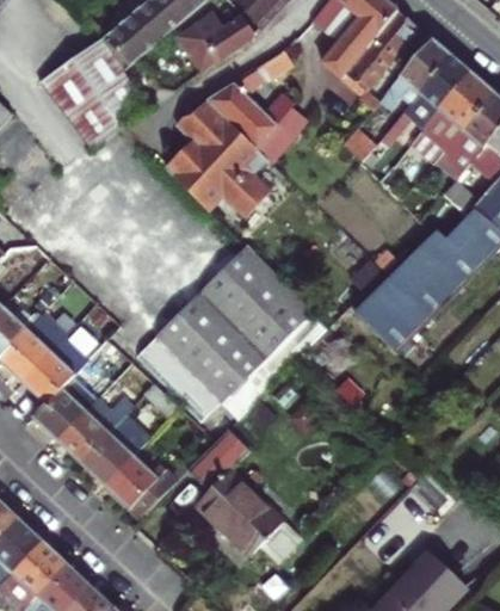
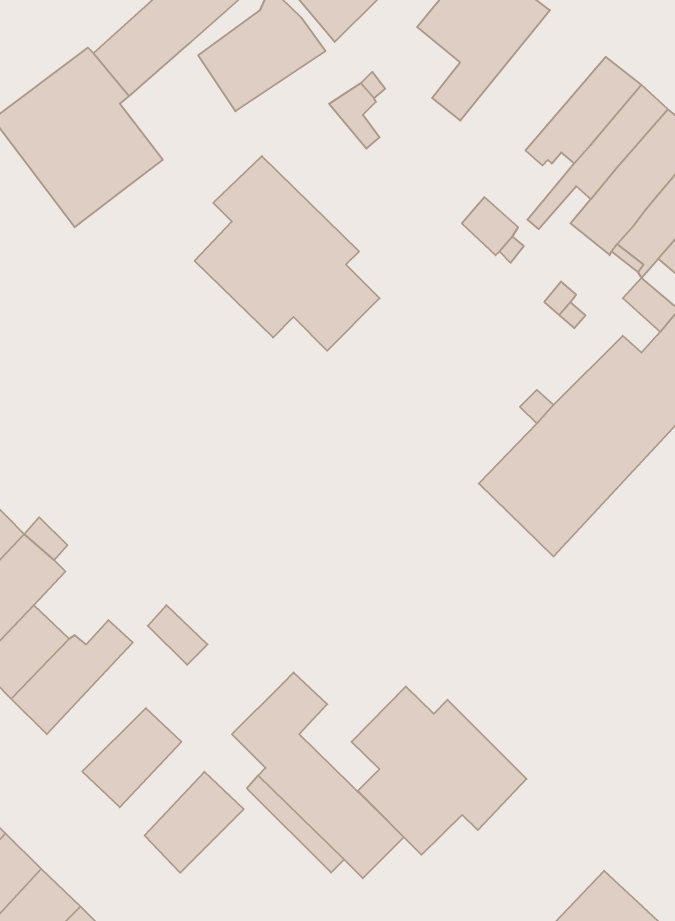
building: [334,8,430,113] -> none
building: [206,81,315,161] -> none
building: [140,248,329,422] -> none
building: [73,428,136,493] -> [145,772,244,873]
building: none -> [351,686,527,855]

